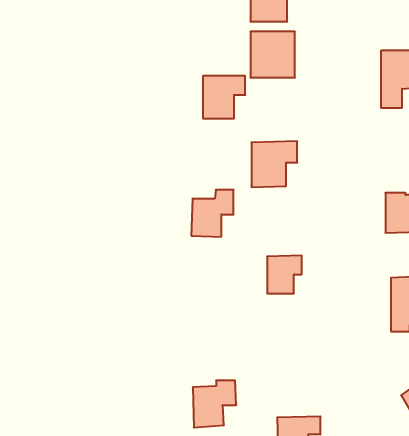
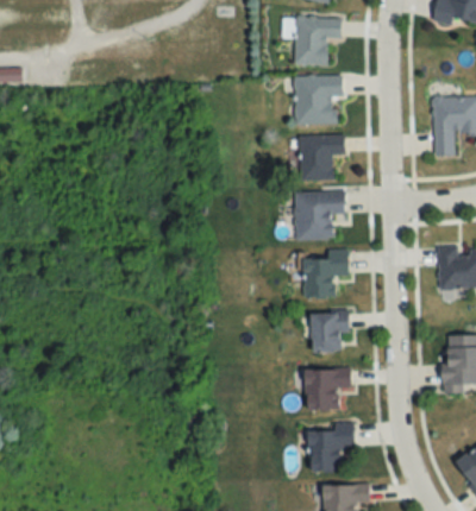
building: [203,76,245,118] -> [299,135,344,181]
building: [191,190,234,237] -> [302,250,347,299]
building: none -> [303,370,351,410]
building: [193,380,236,427] -> [308,423,355,473]

